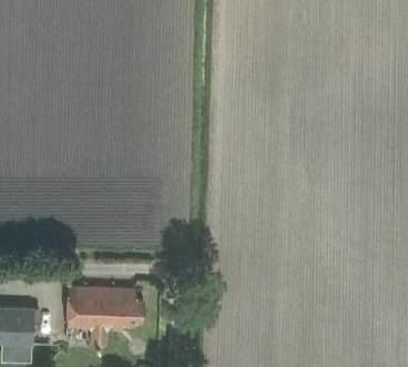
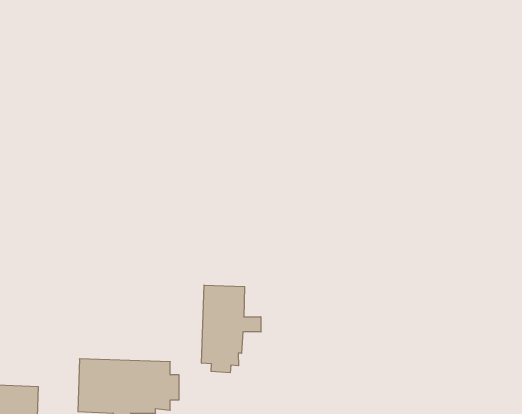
building: none -> [202,285,261,373]

